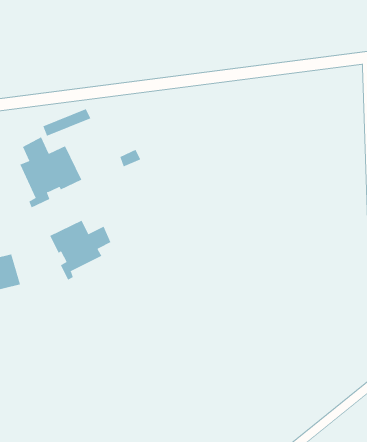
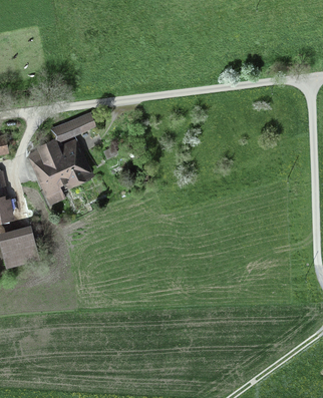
building: [49,220,111,281] -> none

